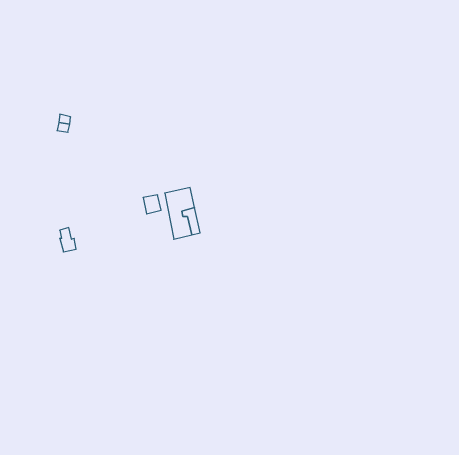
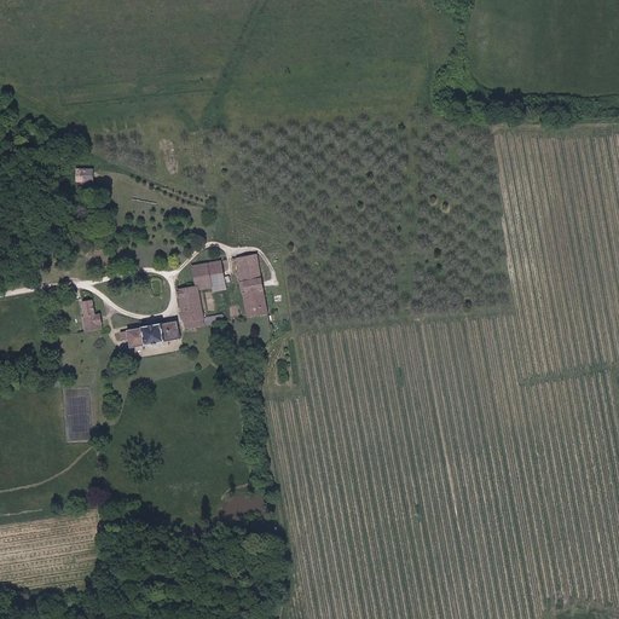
building: none -> [178,285,220,330]
building: none -> [121,322,178,351]

